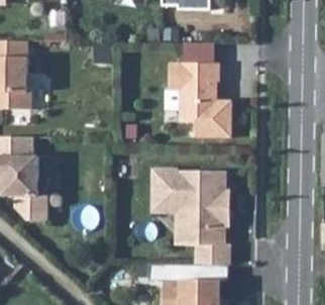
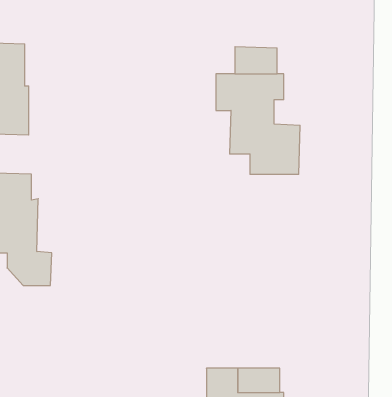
building: [154,172,231,267] -> none

